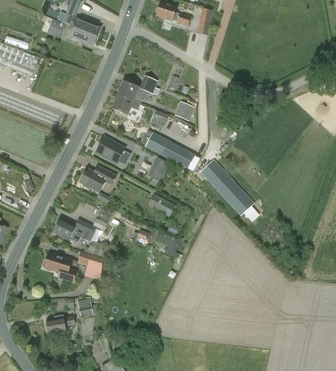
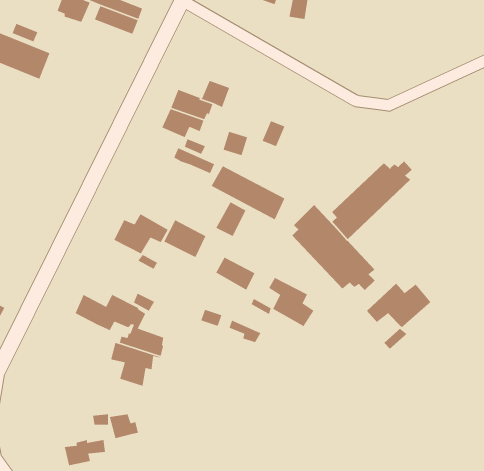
building: none -> [331,161,412,240]
building: [95,136,124,162] -> [163,219,206,258]
building: none -> [250,277,314,327]
building: none -> [366,283,431,349]
building: [43,253,77,282] -> none

